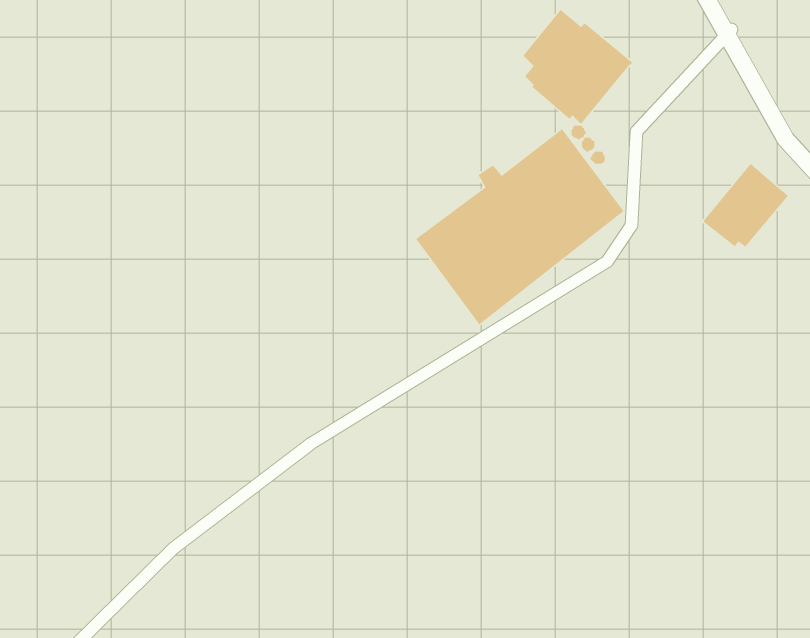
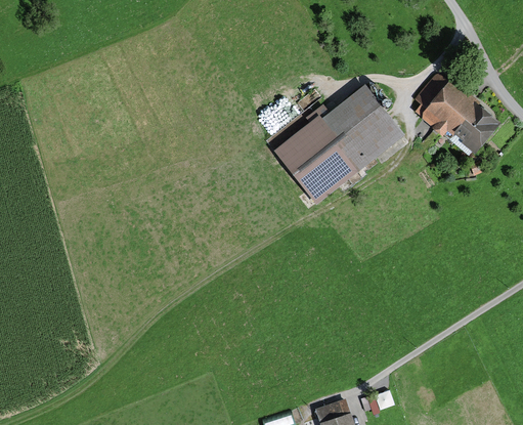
building: [522,9,633,125] -> [413,72,479,140]

